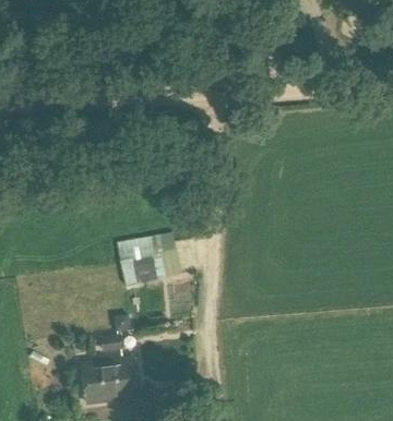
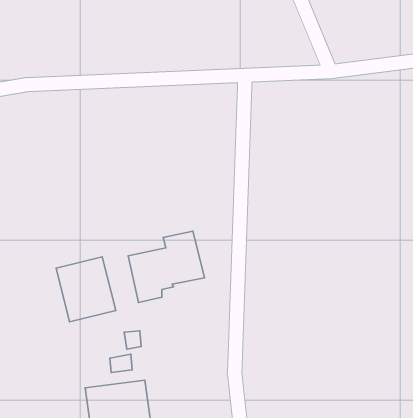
building: none -> [56,257,116,322]

